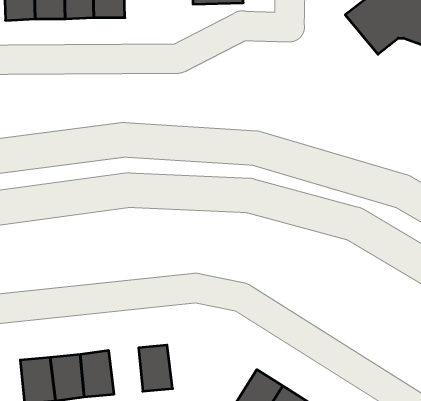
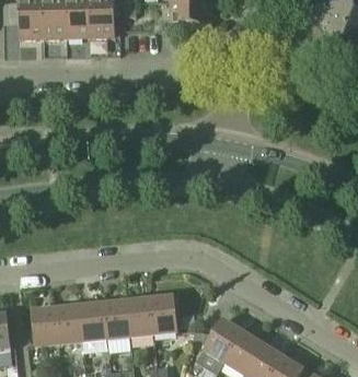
building: none -> [149,296,177,334]
building: none -> [102,302,129,339]

